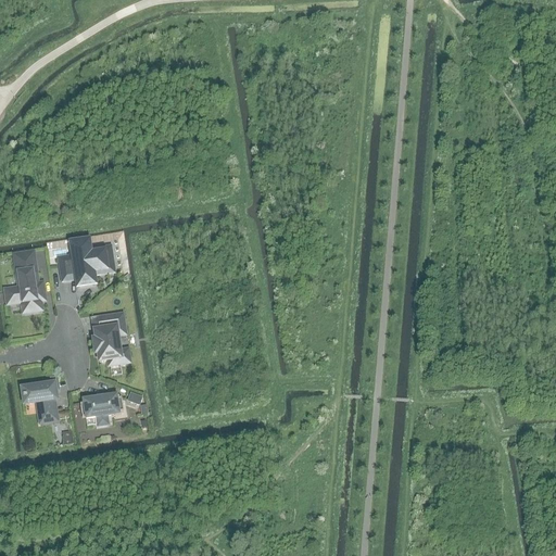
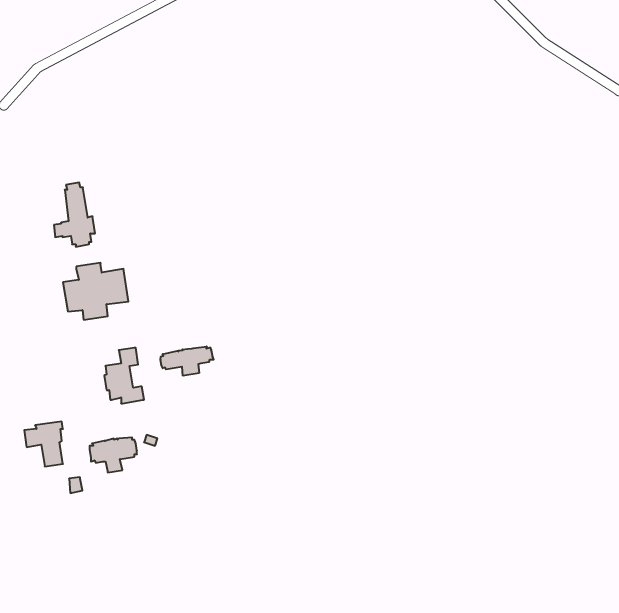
building: [7,250,43,307] -> [54,183,95,247]
building: none -> [161,346,214,376]

